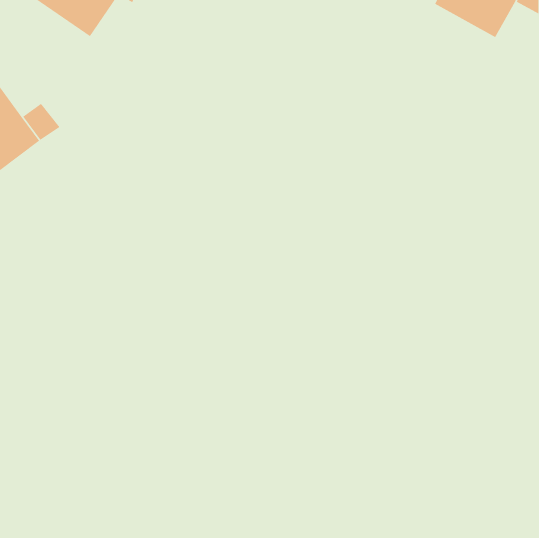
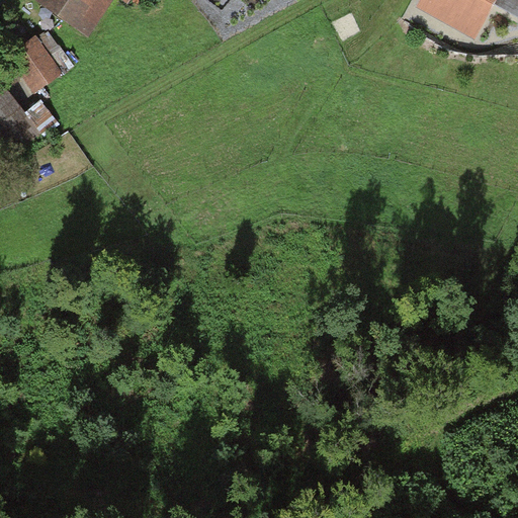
building: none -> [5,34,63,93]

